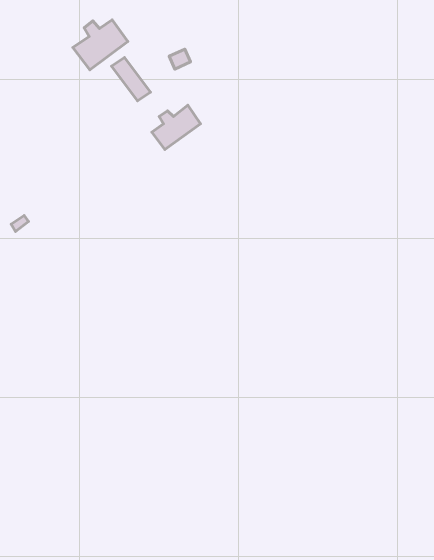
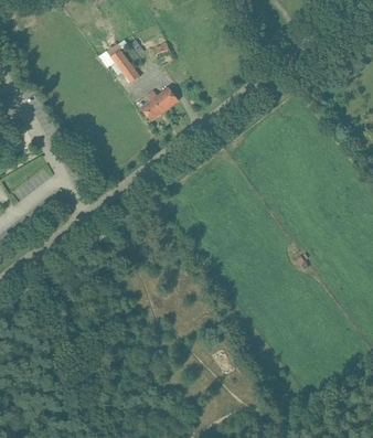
building: [73,20,128,70] -> none

